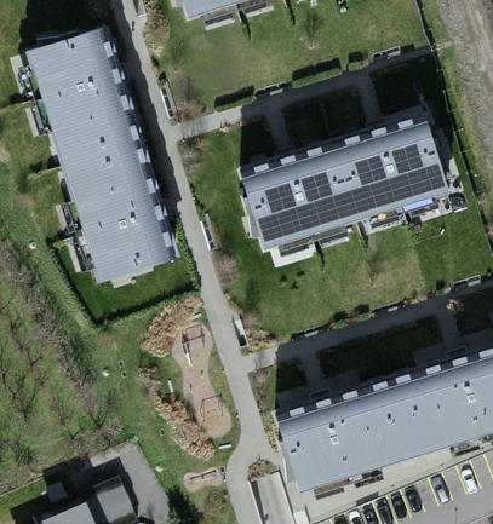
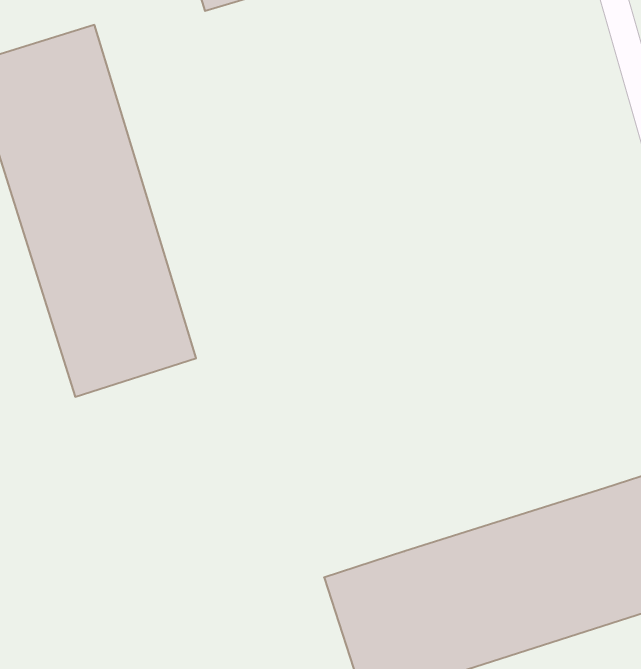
building: [237,116,453,251] -> none

